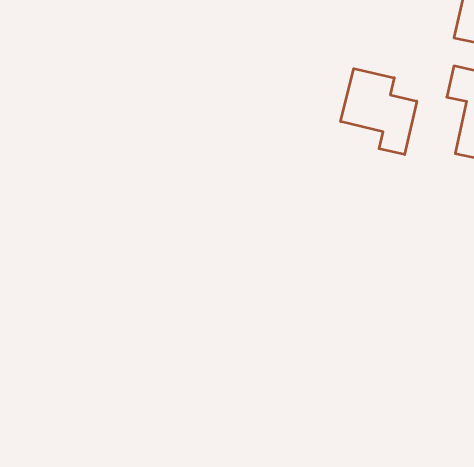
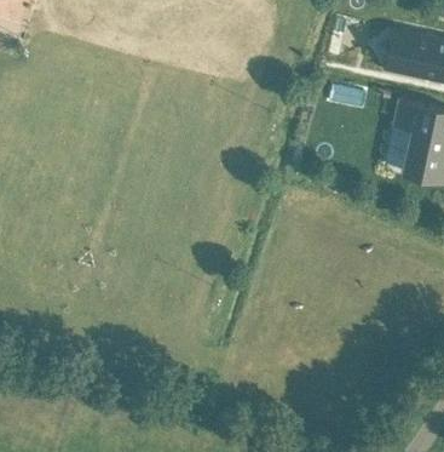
building: [341,69,417,155] -> none

